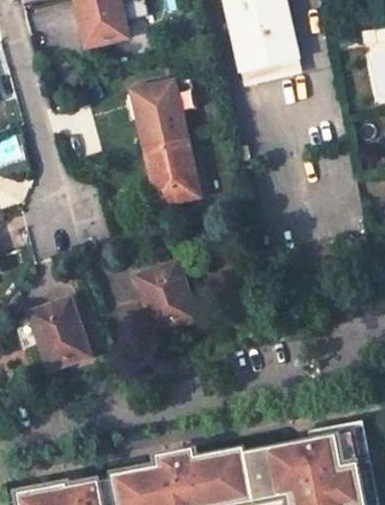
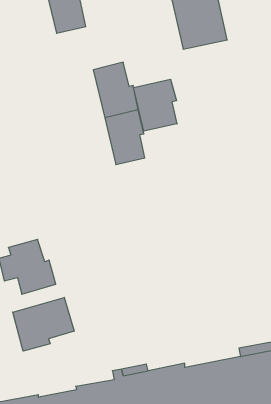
building: none -> [134,79,177,131]
building: [142,269,198,335] -> none
building: none -> [13,297,74,351]

